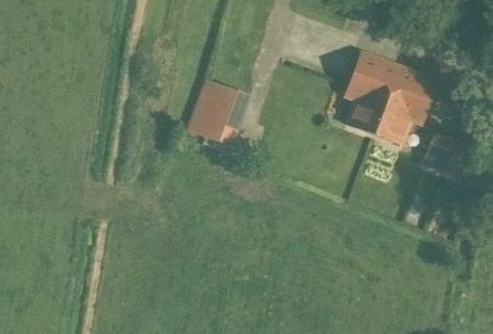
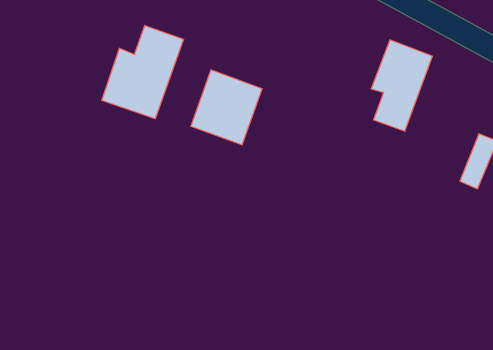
building: none -> [102,25,184,119]
building: [374,64,436,140] -> none

